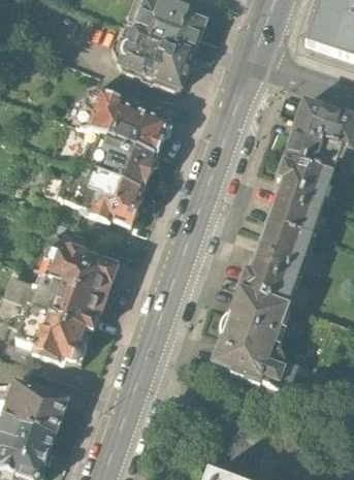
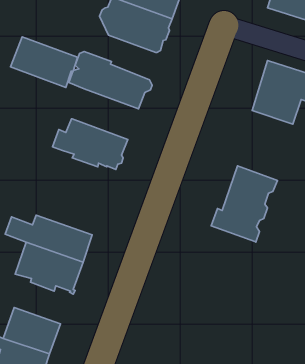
building: [83,130,159,188] -> [10,37,78,88]
building: [270,155,334,233] -> none
building: [41,233,118,296] -> none
building: [214,286,297,387] -> none

